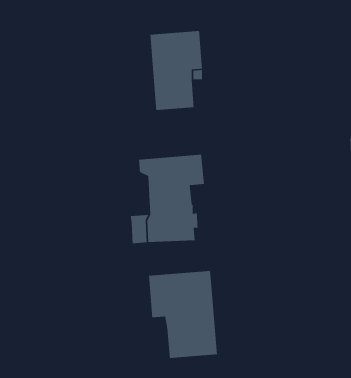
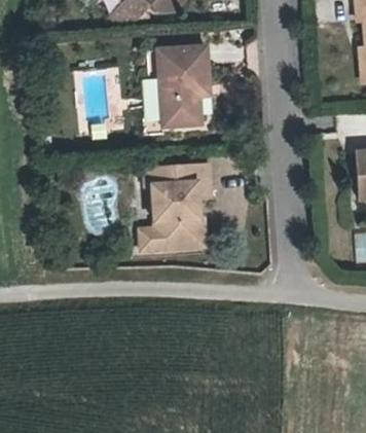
building: [148,270,218,359] -> none

